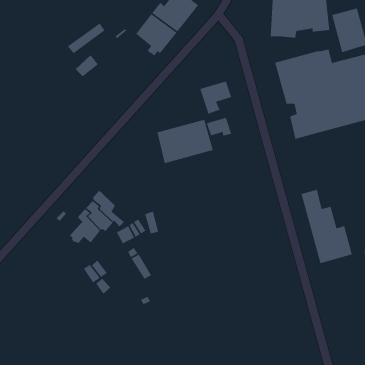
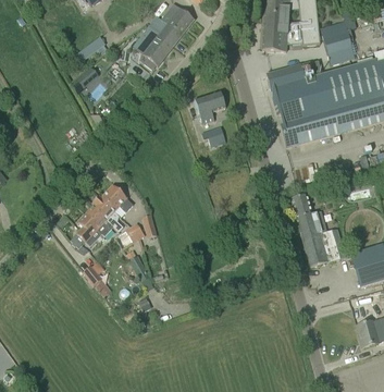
building: [156,119,214,164] -> none
building: none -> [100,184,133,217]

